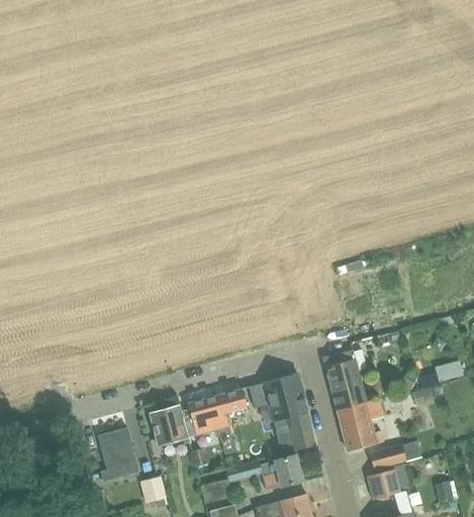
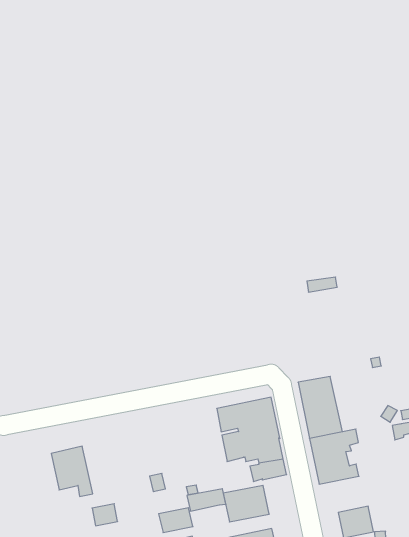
building: [187,390,246,455] -> none
building: [150,406,188,446] -> none
building: [369,441,419,470] -> none

